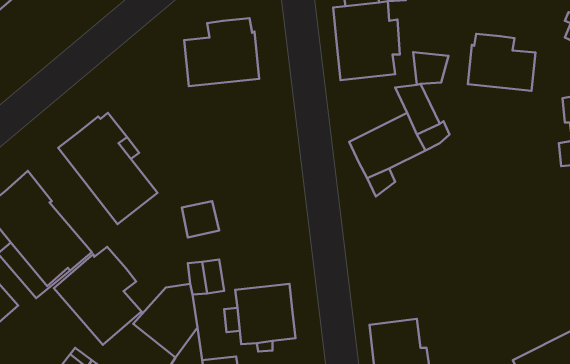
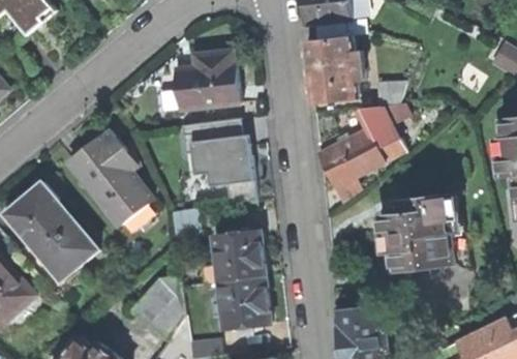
building: [468,34,535,91] -> none
building: none -> [188,117,266,200]
building: none -> [375,193,454,273]
building: none -> [214,231,266,281]
building: [54,247,141,345] -> none

